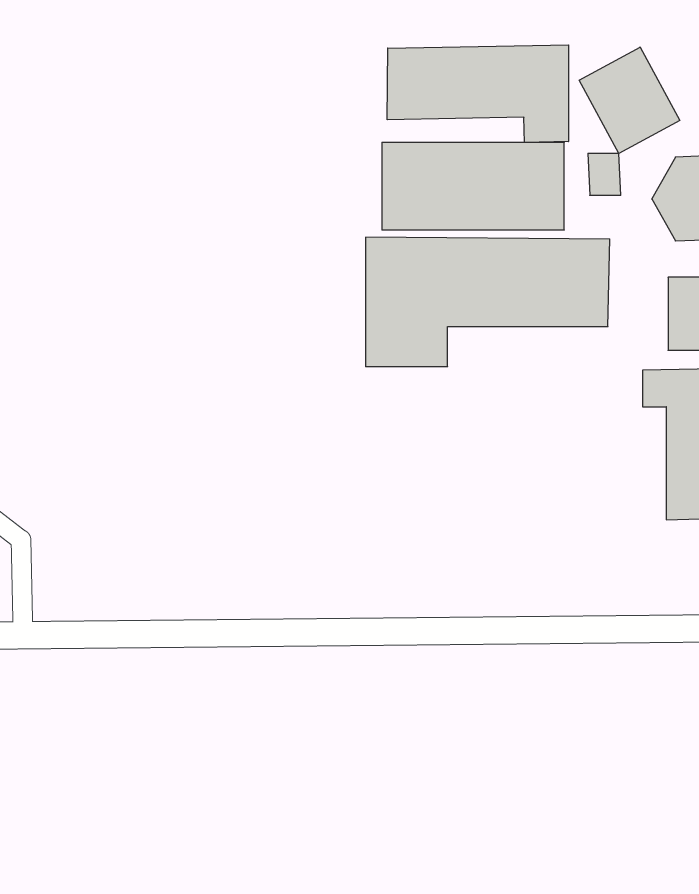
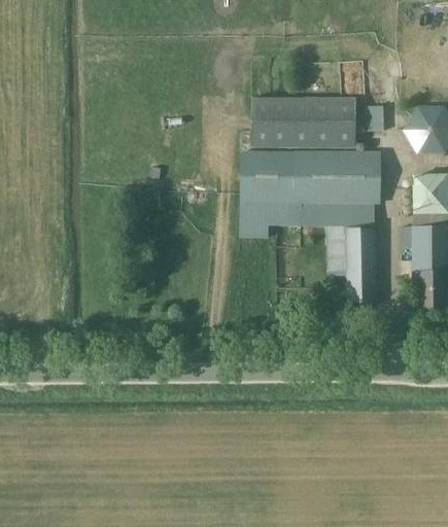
building: [387,45,568,142] -> none
building: [579,47,680,153] -> none
building: none -> [299,203,375,306]

